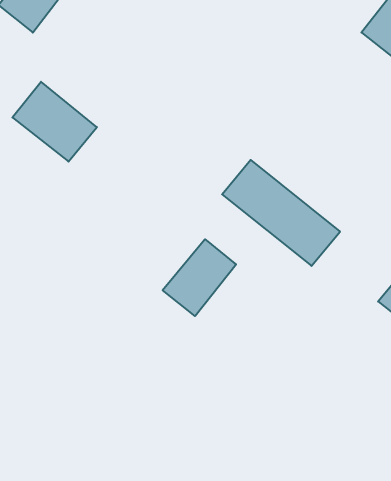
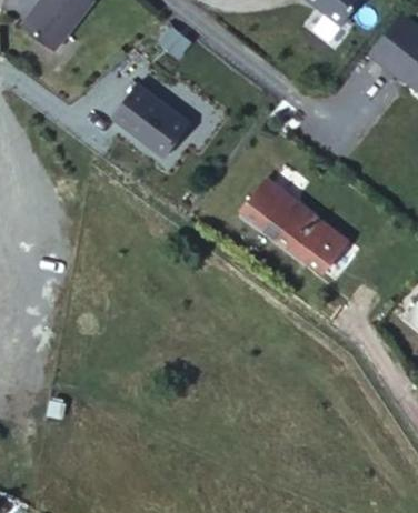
building: [12,82,97,162] -> [111,86,190,160]
building: [163,239,236,316] -> none

